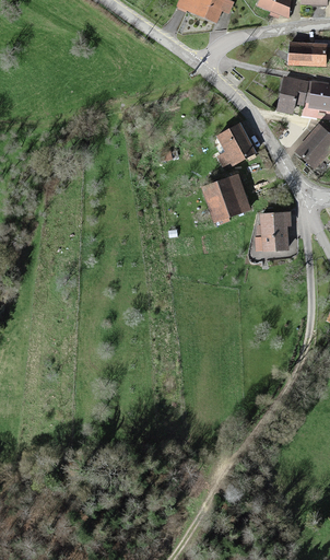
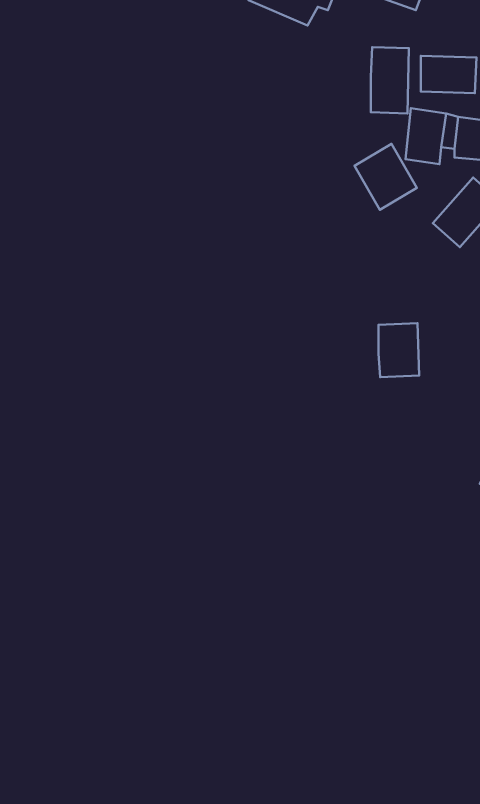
building: none -> [371,47,409,113]
building: [215,124,256,166] -> [354,144,417,210]
building: [201,178,246,222] -> none

